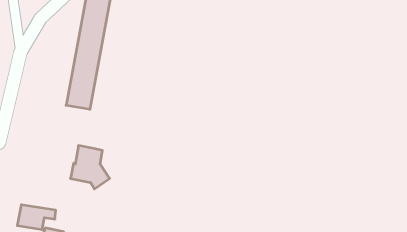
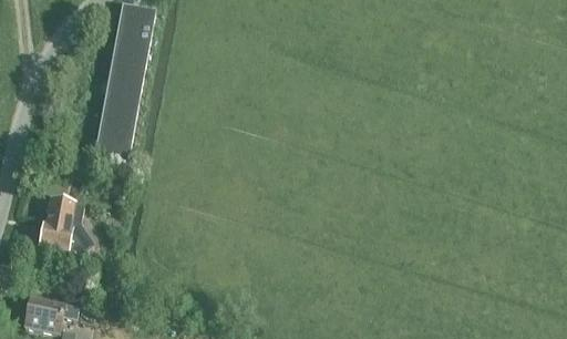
building: [70,146,110,189] -> [39,199,93,259]

